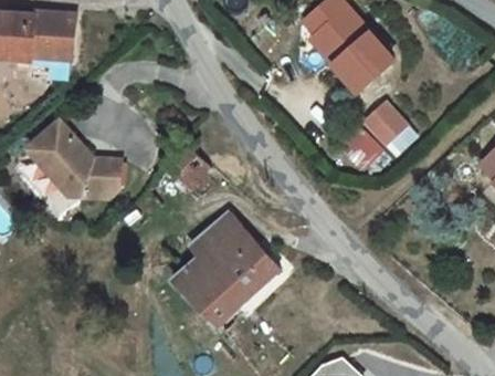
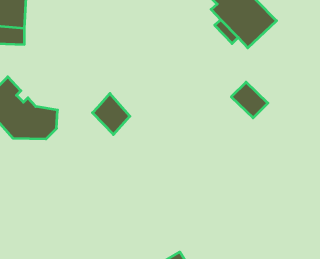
building: [365,103,410,148] -> none
building: [179,215,281,324] -> none

